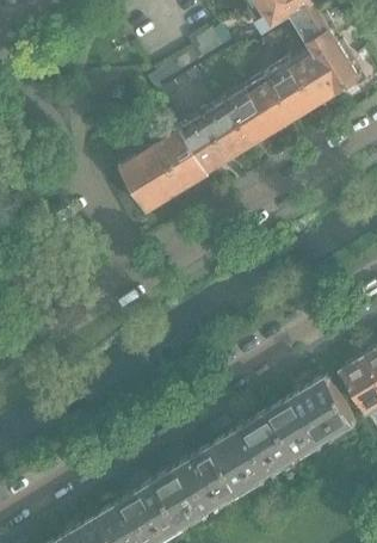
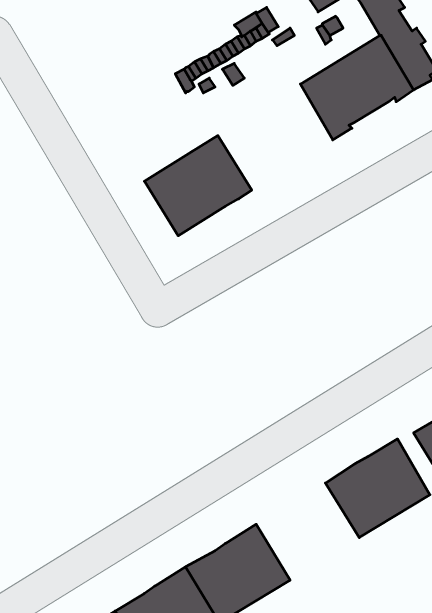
building: [180,88,273,174] -> none
building: [211,412,295,490] -> none

